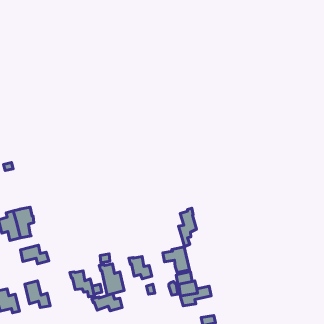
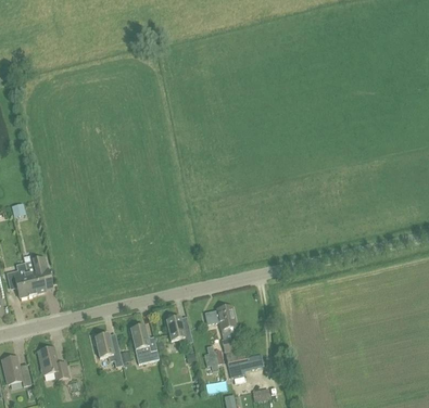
building: [179,208,197,247] -> none
building: [20,245,49,264] -> none
building: [92,294,122,311] -> none

